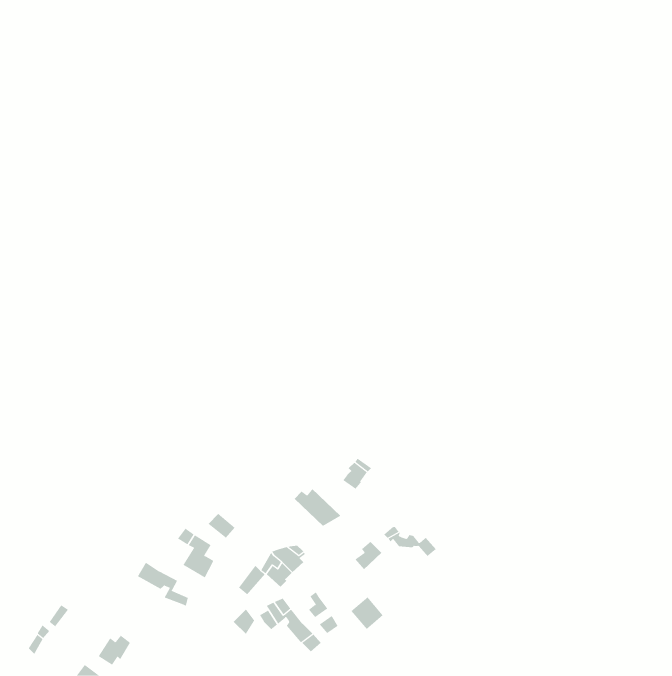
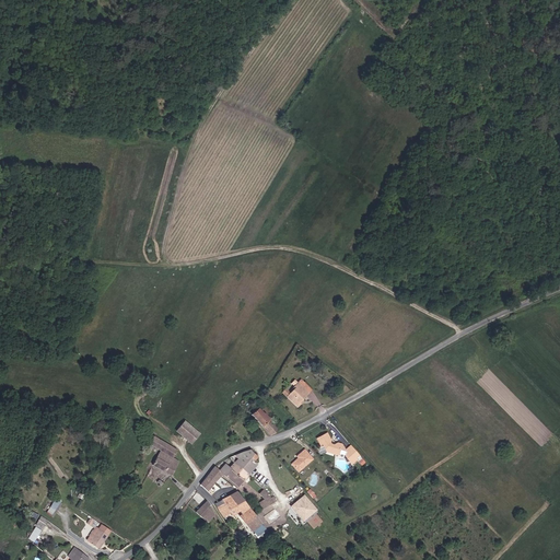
building: [137,562,189,607] -> none

